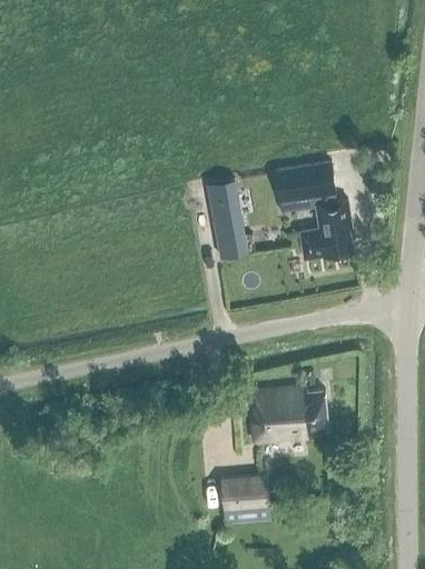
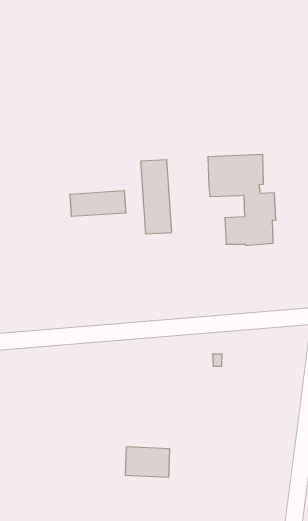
building: none -> [70,190,126,217]
building: [256,388,327,439] -> none

